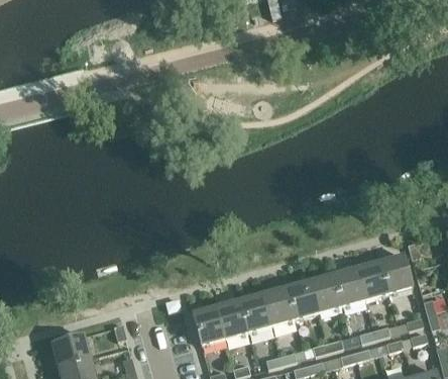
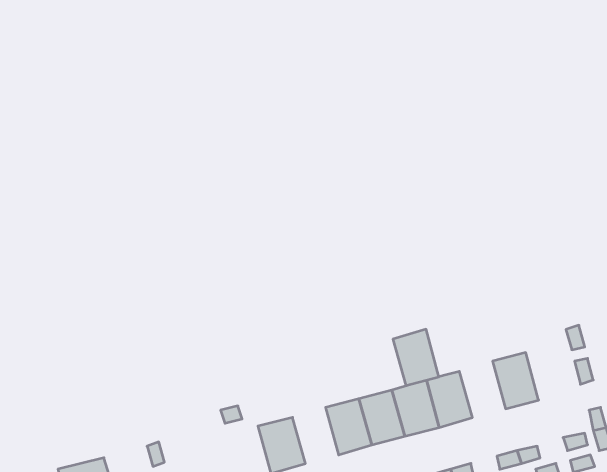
building: [379,254,413,293] -> none
building: [333,266,365,305] -> [393,329,439,385]
building: [216,298,248,338] -> none

